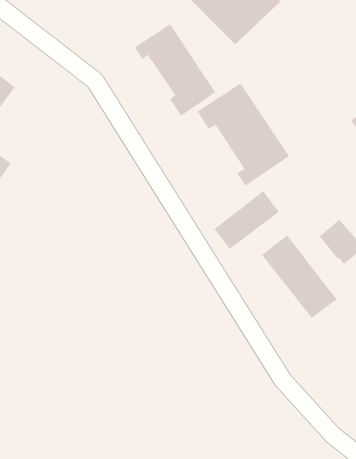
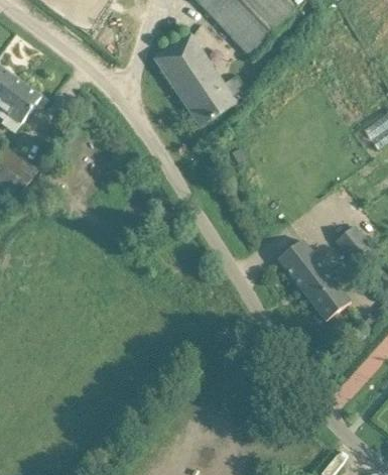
building: [197,82,290,186] -> none
building: [213,190,280,250] -> none

